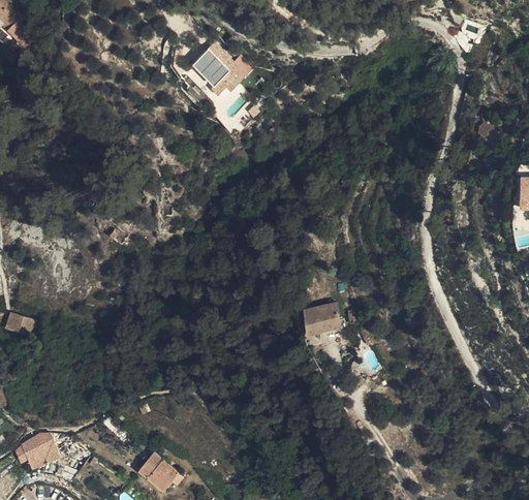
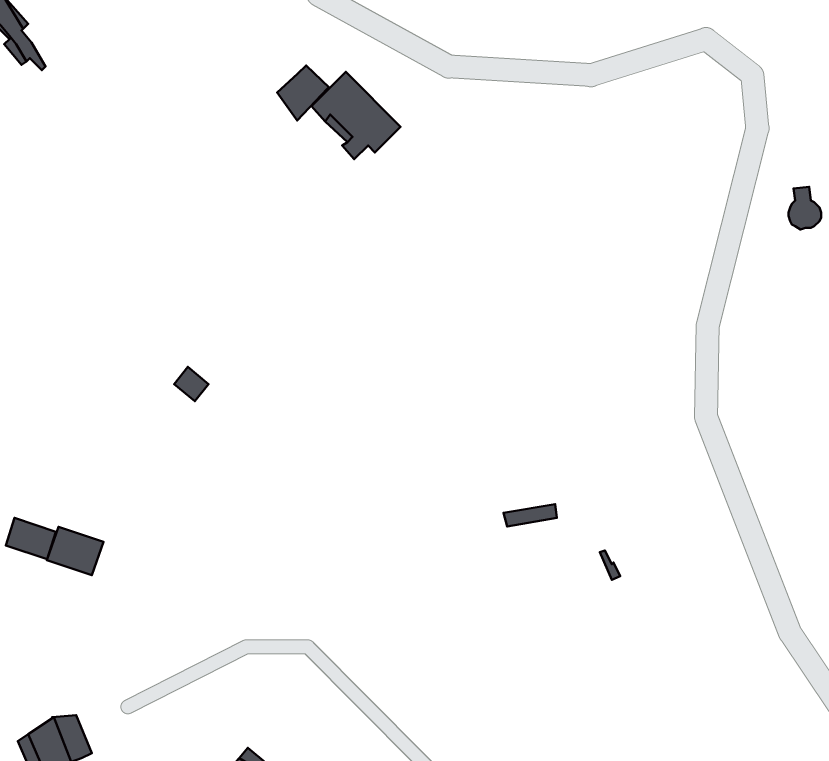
building: none -> [277,65,330,120]
building: [307,312,339,334] -> none
building: none -> [47,527,104,575]

